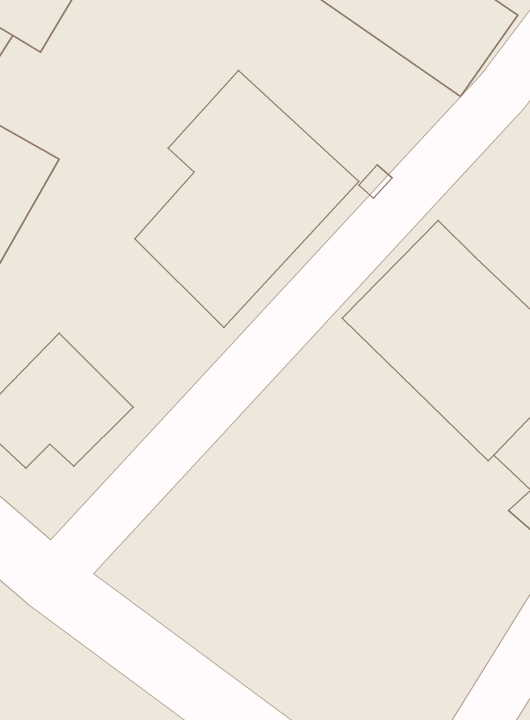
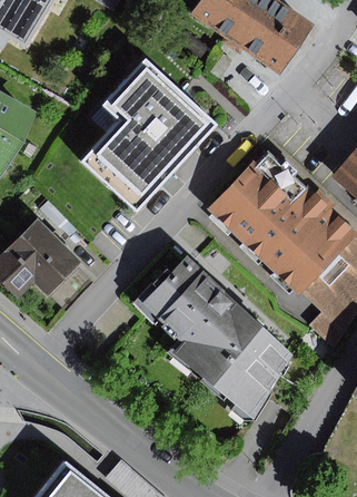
building: none -> [143,256,292,418]

